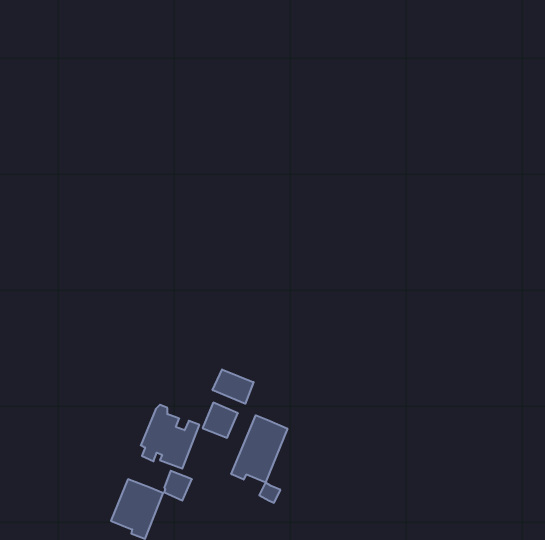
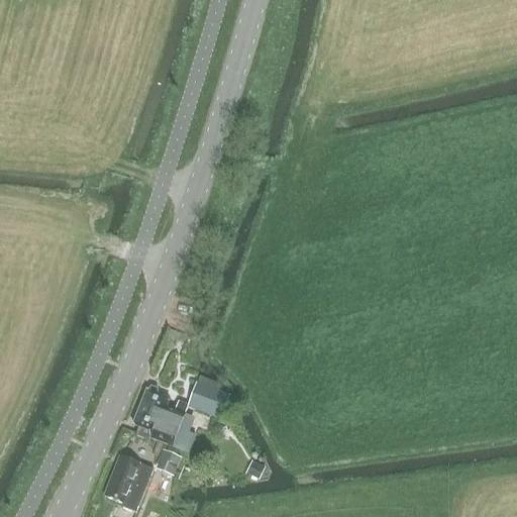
building: [213,369,254,404] -> none
building: [231,415,287,482] -> none

